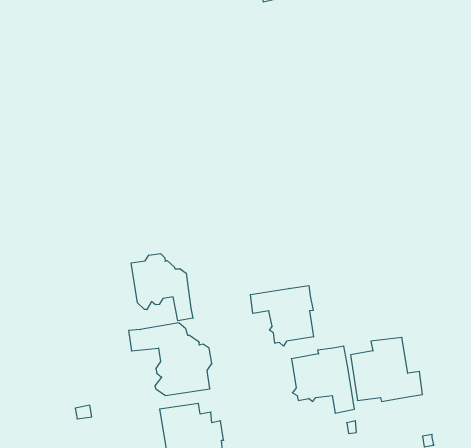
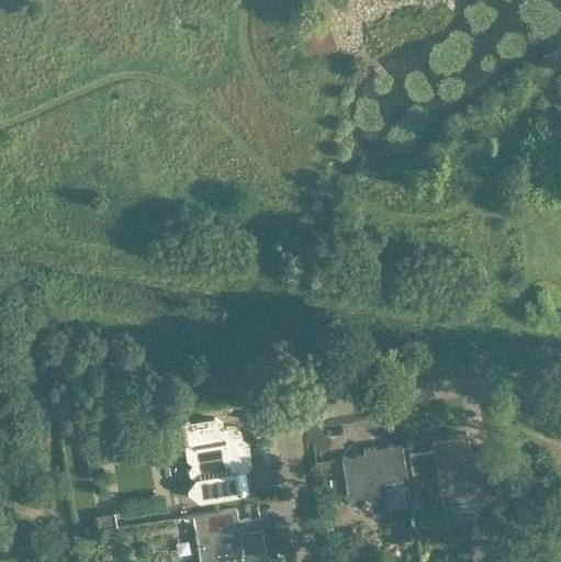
building: [131,254,193,321] -> none
building: [250,286,313,346] -> none

